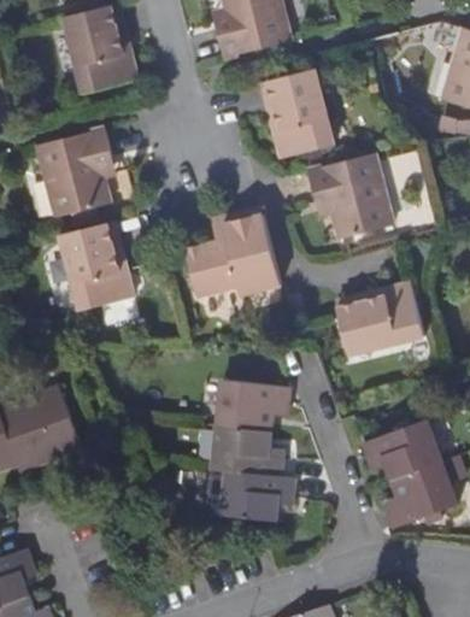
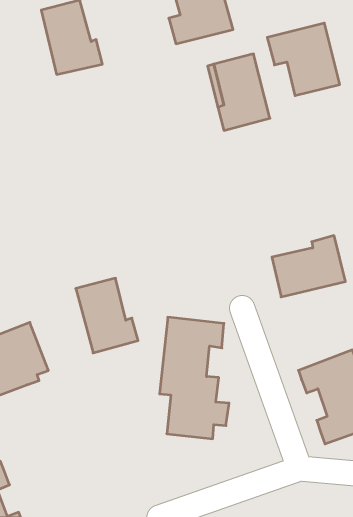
building: [36,128,112,218] -> none
building: [306,153,392,239] -> [267,23,340,96]
building: [184,215,281,296] -> none
building: [59,223,133,311] -> [76,278,138,353]

